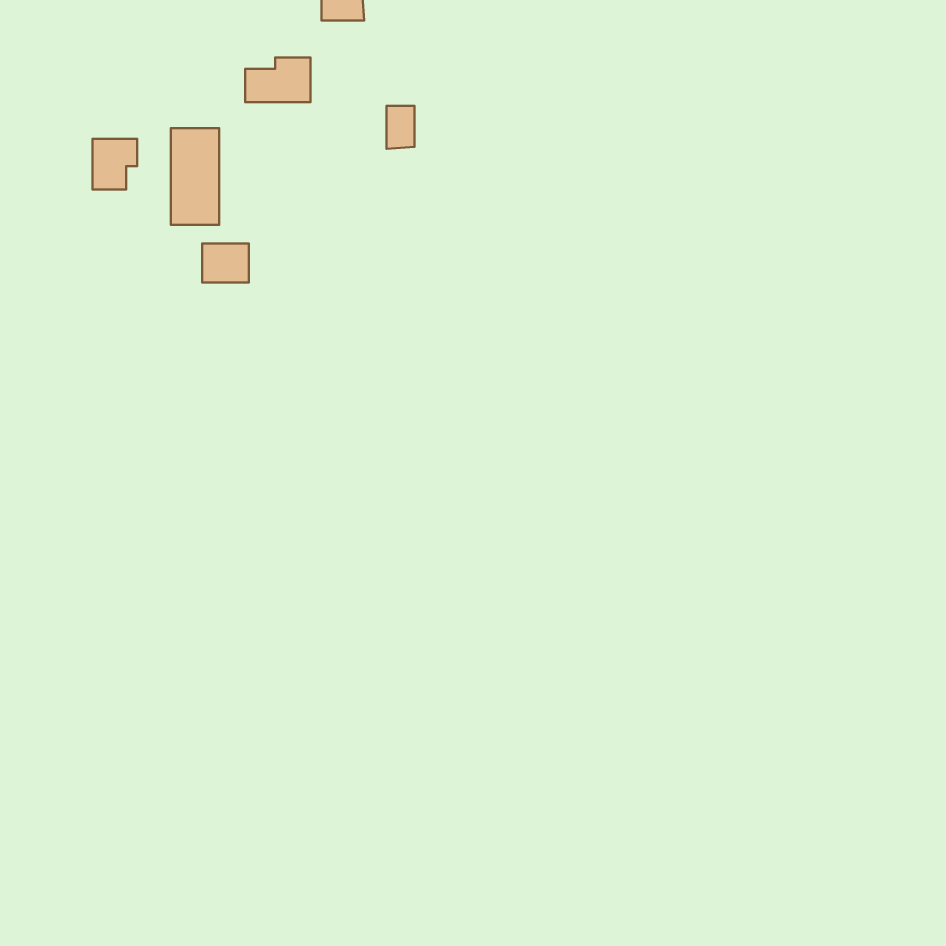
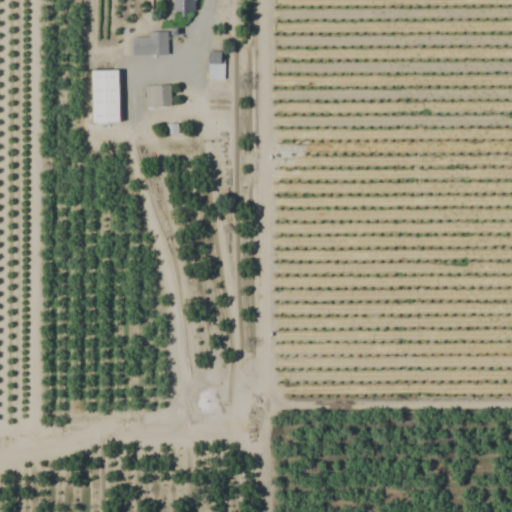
building: [92,139,137,189] -> none
building: [202,243,249,282] -> [147,85,172,106]

